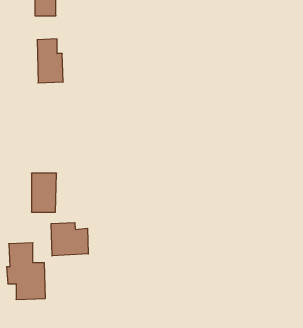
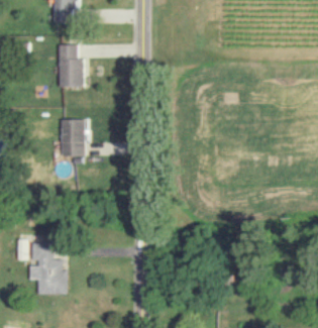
building: [31,173,57,212] -> [61,119,85,156]
building: [51,223,88,256] -> none

